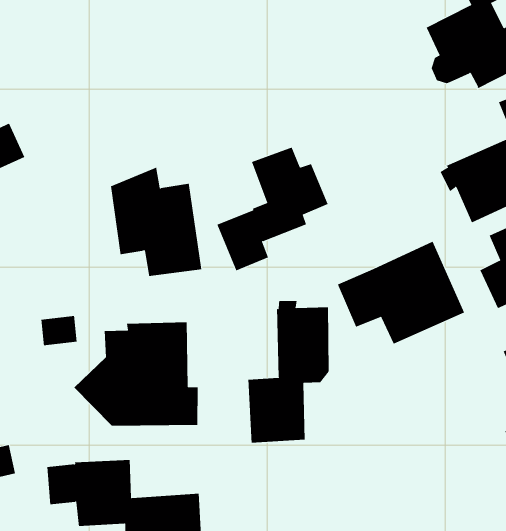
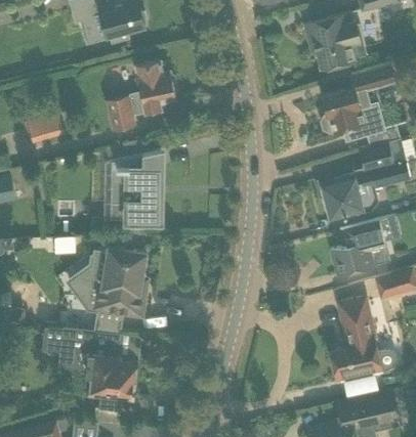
building: [217,147,328,271] -> [107,60,177,131]
building: [337,241,465,345] -> none
building: [248,300,329,443] -> none

